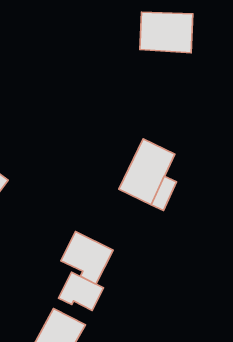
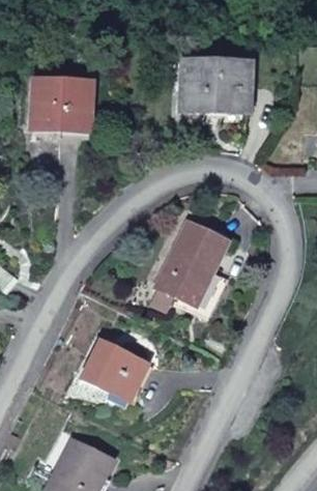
building: none -> [31,79,92,132]
building: [58,272,103,310] -> none

